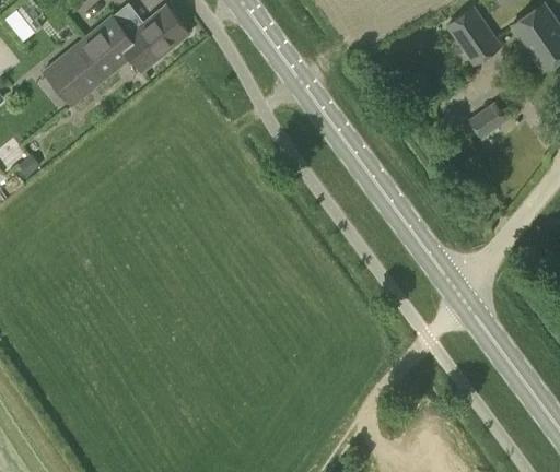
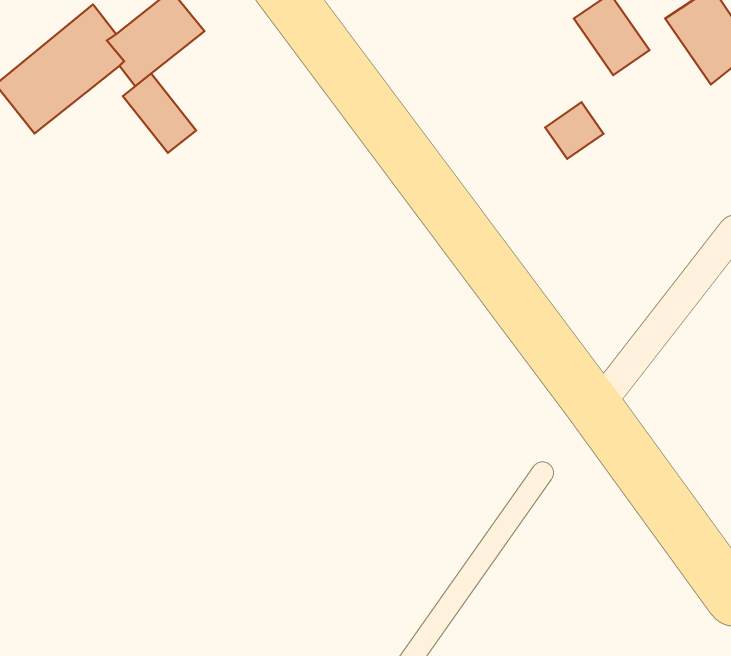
building: none -> [123,74,196,153]
building: [468,101,509,140] -> [545,102,603,159]

